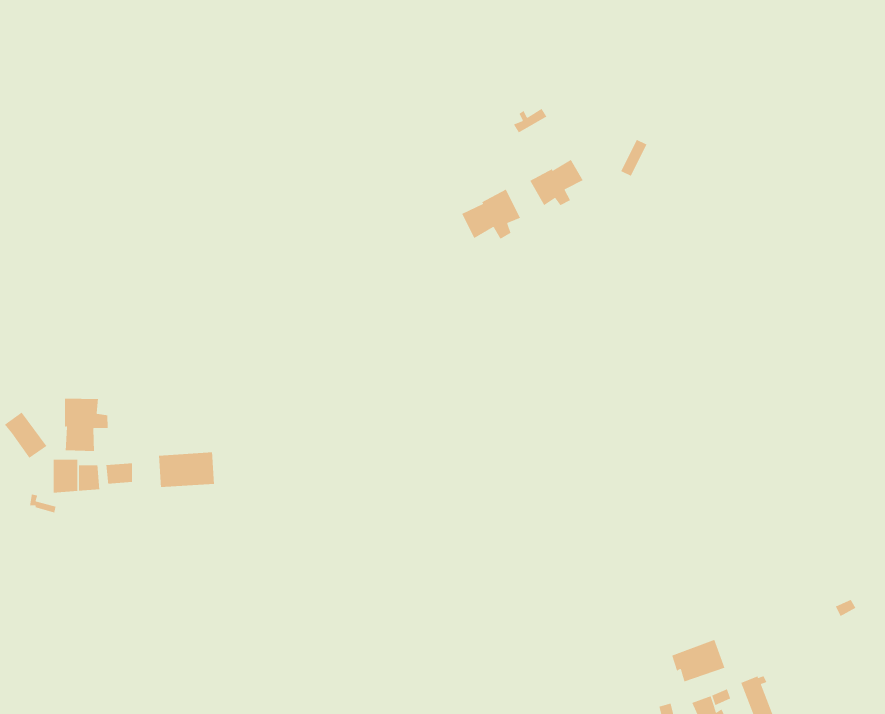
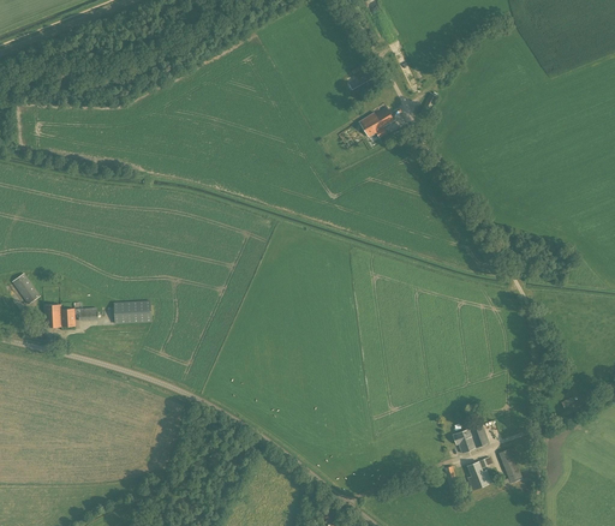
building: [461,188,521,240] -> none
building: [64,398,108,452] -> none

